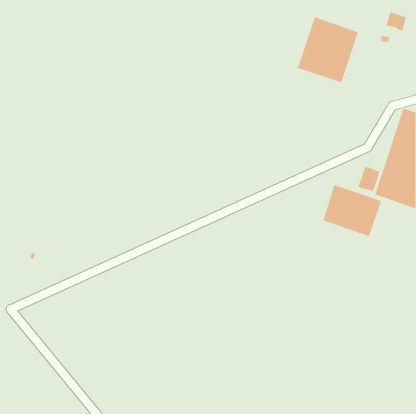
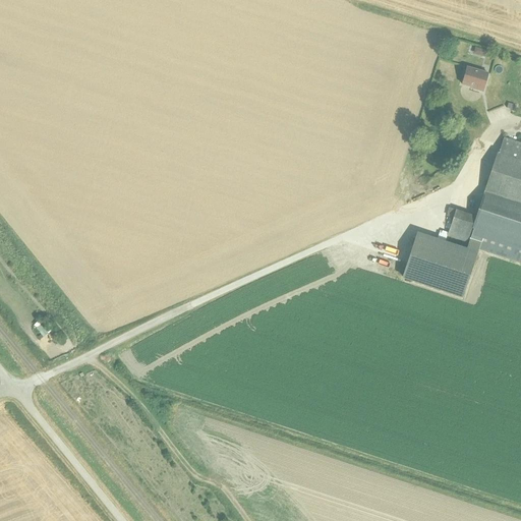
building: [386,12,407,31] -> [462,65,488,90]
building: [297,16,358,83] -> none

